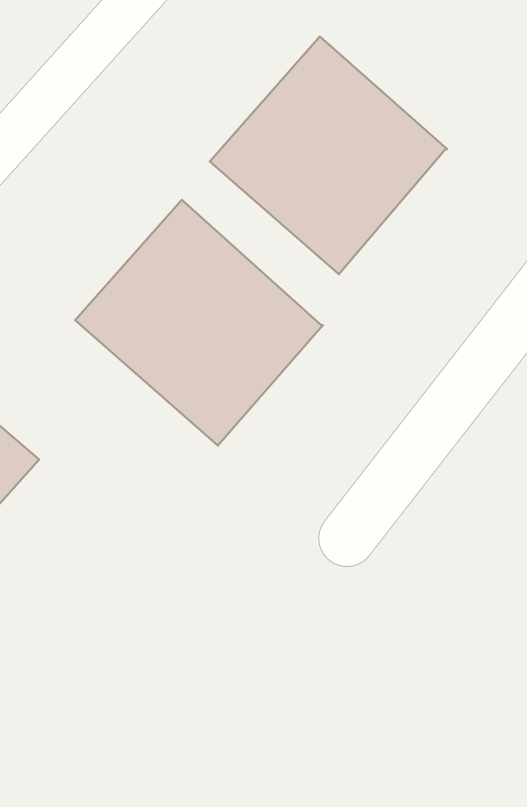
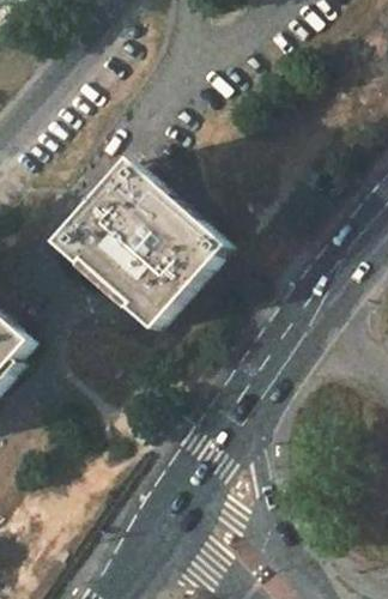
building: [210,36,447,274] -> none

